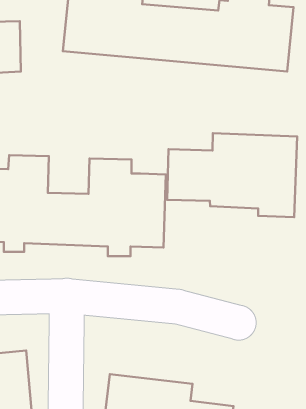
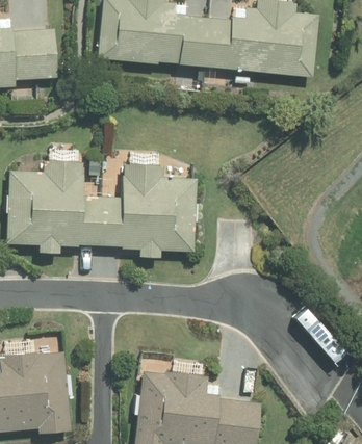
building: [167,133,297,217] -> none

